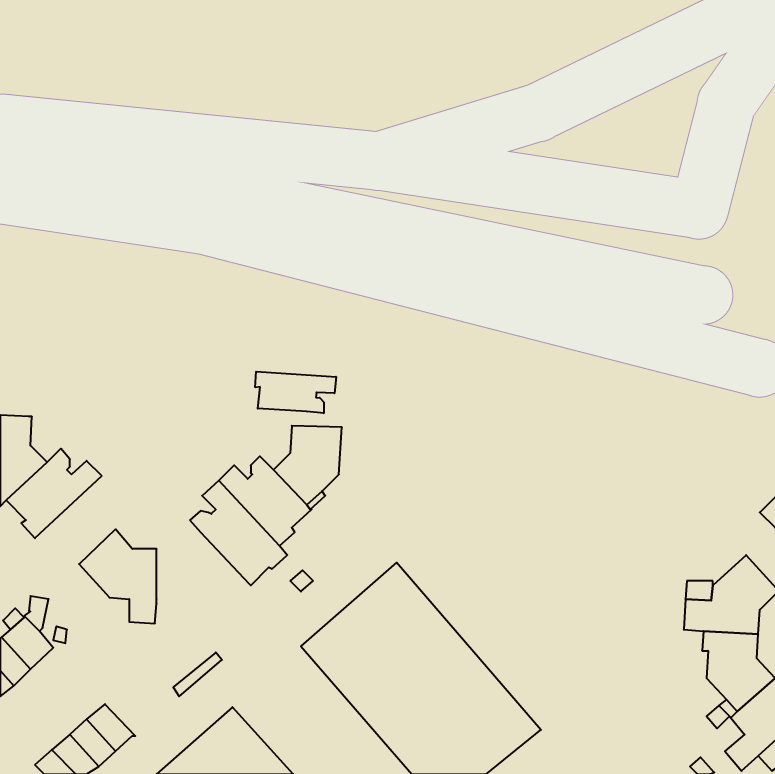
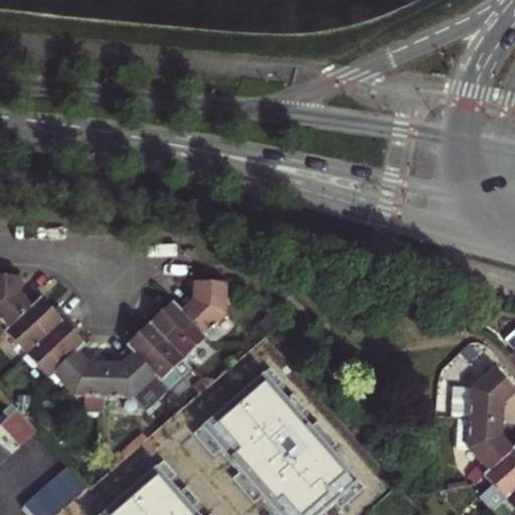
building: [255,372,336,413] -> none
building: none -> [24,315,84,377]
building: none -> [105,352,166,410]

